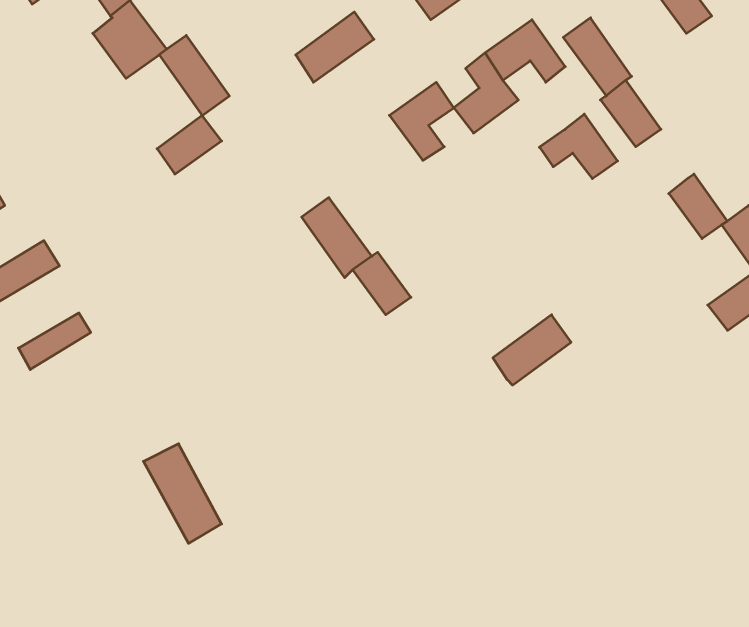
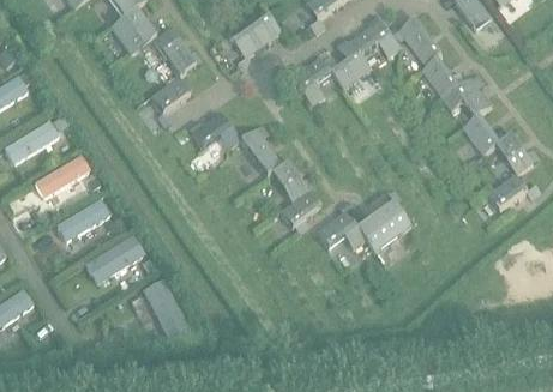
building: [539,114,618,179] -> [443,77,491,116]
building: none -> [188,113,238,150]
building: none -> [278,191,318,228]
building: none -> [314,211,363,248]
building: none -> [84,235,144,284]

